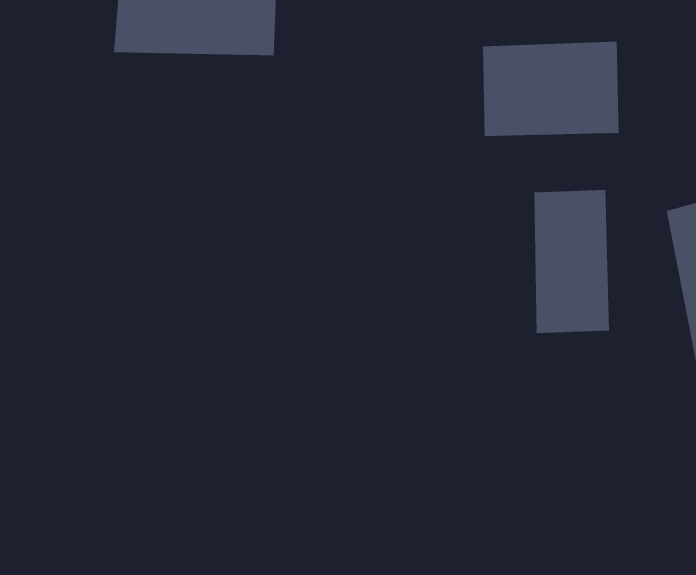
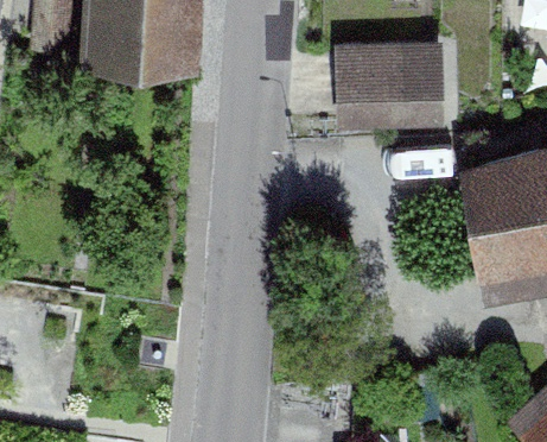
building: [533,189,610,334] -> none

